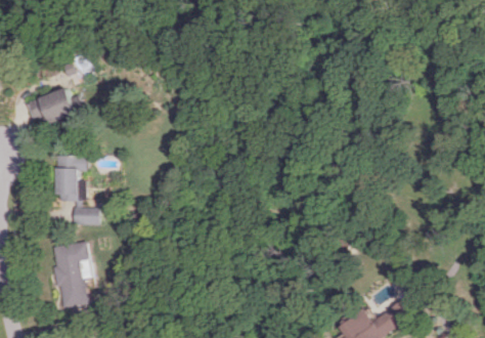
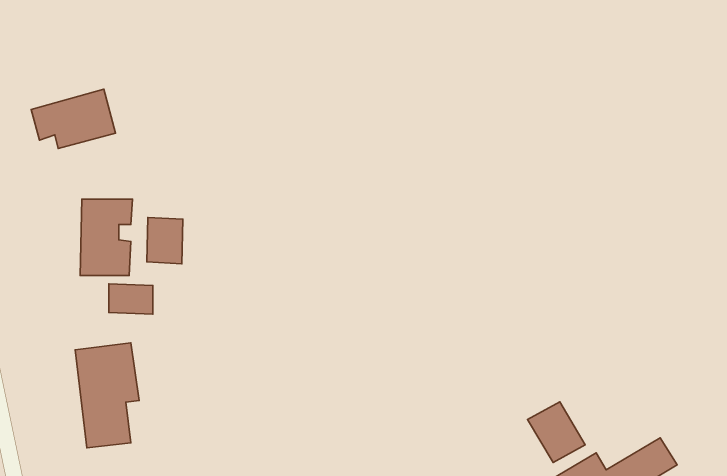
building: none -> [147,217,183,264]
building: none -> [528,402,585,462]

